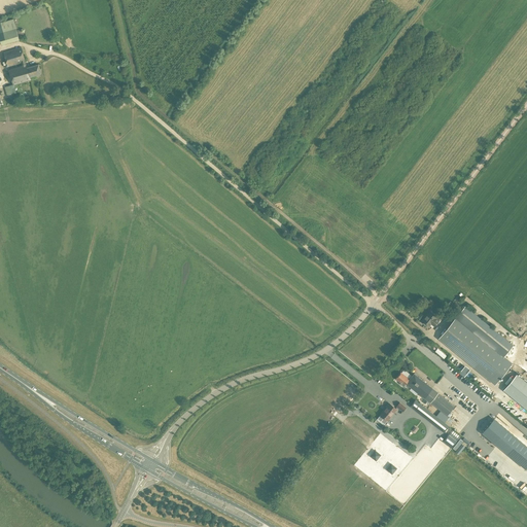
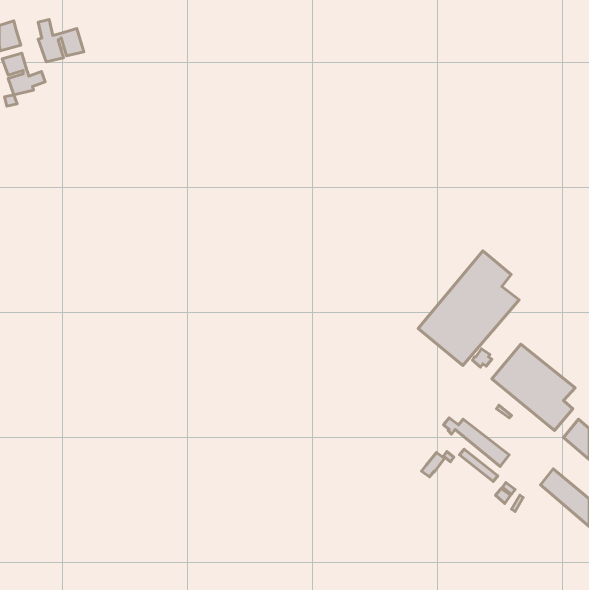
building: none -> [38,20,84,62]
building: none -> [418,251,519,366]

